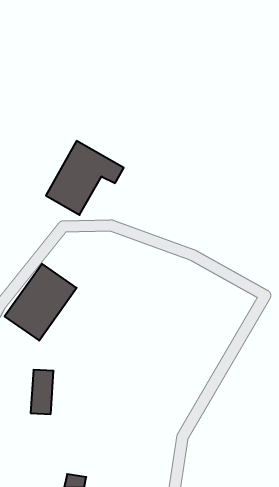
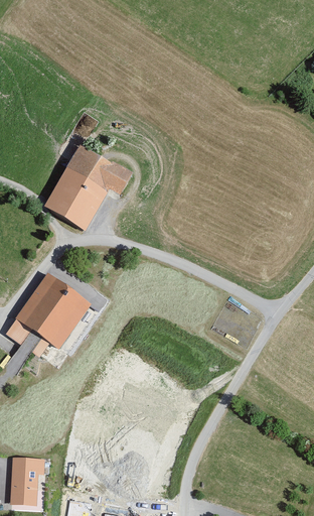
building: [31,370,54,414] -> [13,457,37,503]

